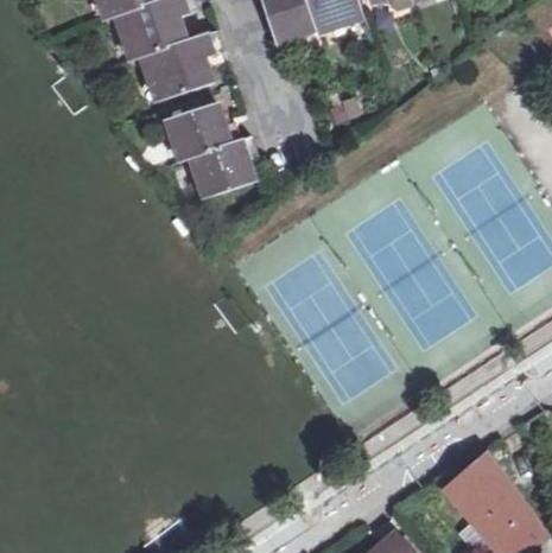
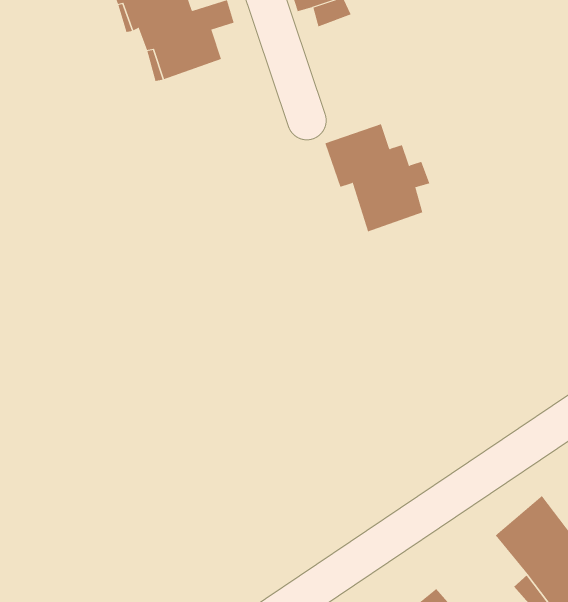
building: [167,104,258,197] -> [324,124,430,232]

